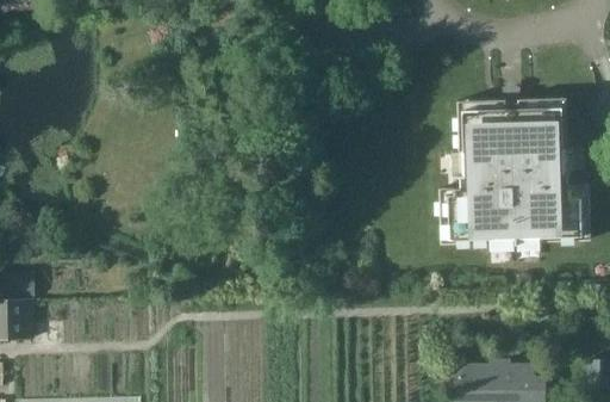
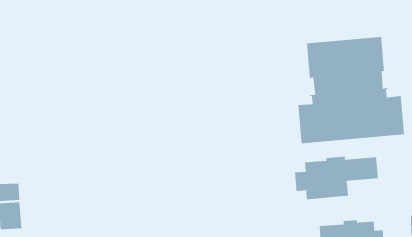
building: none -> [294,156,379,200]

